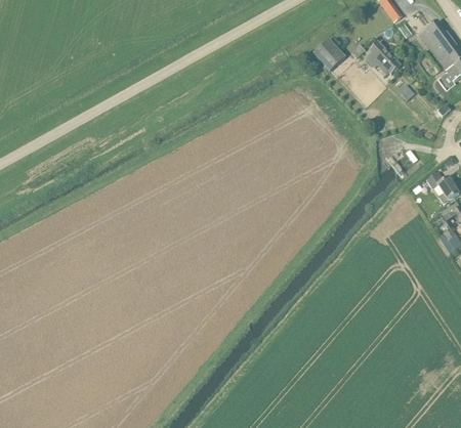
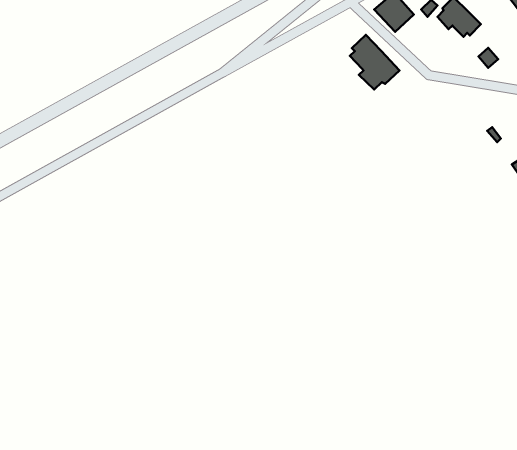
building: none -> [350,35,399,90]

